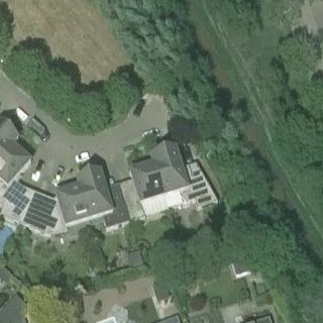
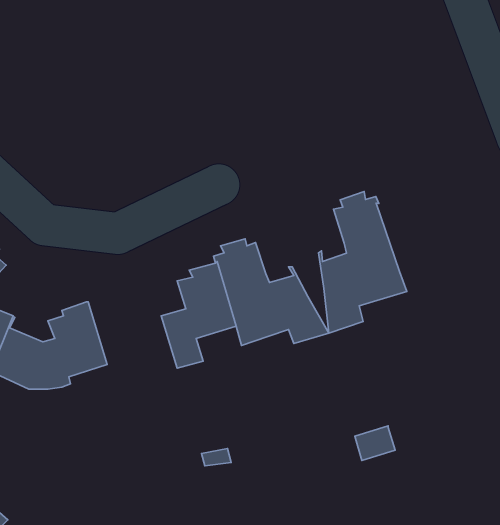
building: none -> [319,191,407,333]
building: [76,170,129,226] -> none

